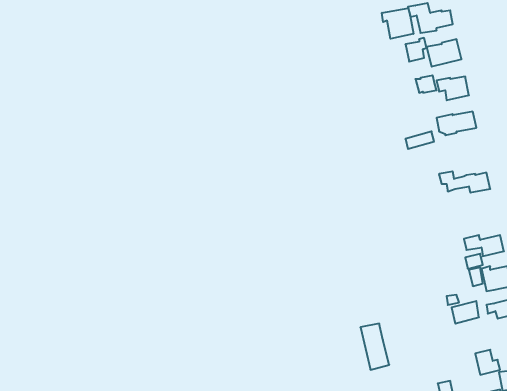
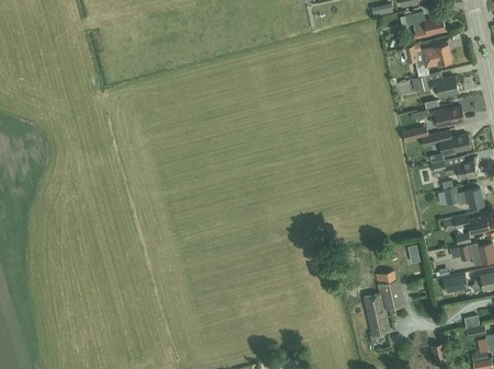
building: [382,8,413,39] -> none
building: none -> [420,130,472,158]
building: none -> [444,187,483,208]
building: none -> [376,272,402,308]

